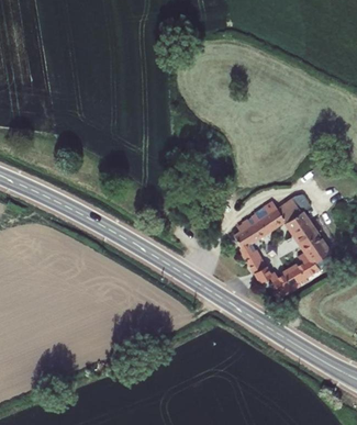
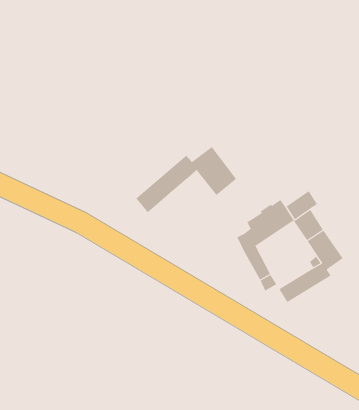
building: none -> [135,146,237,213]

